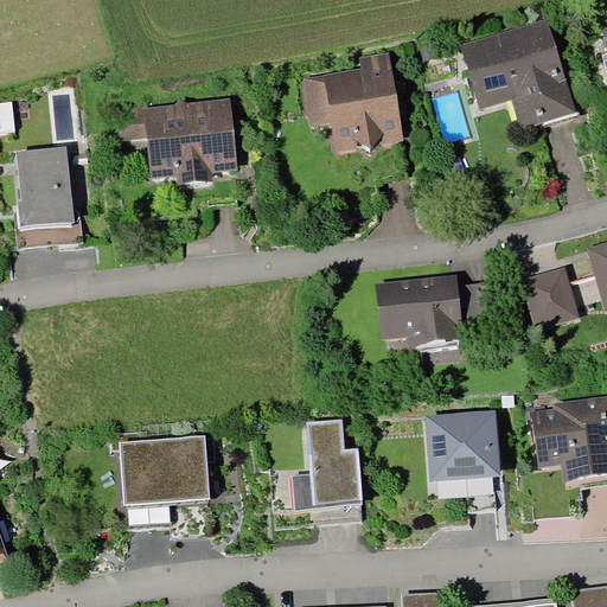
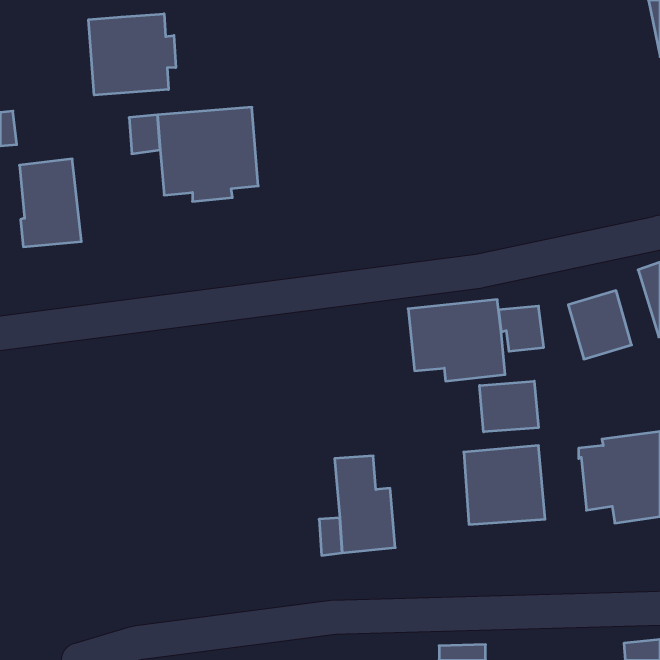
building: none -> [89,14,176,95]
building: [461,18,576,127] -> none
building: [302,53,403,161] -> none
building: none -> [480,381,538,432]
building: [120,435,210,505] -> none

